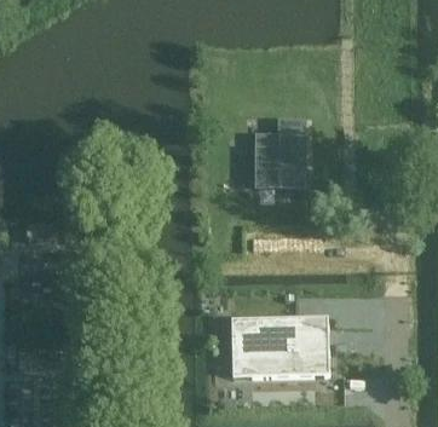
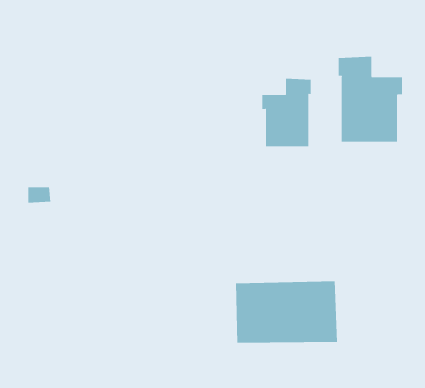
building: none -> [338,56,402,143]

